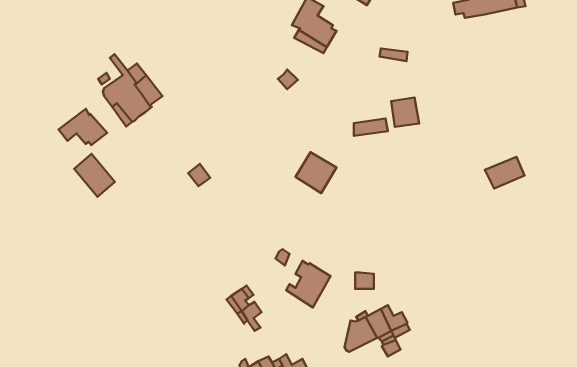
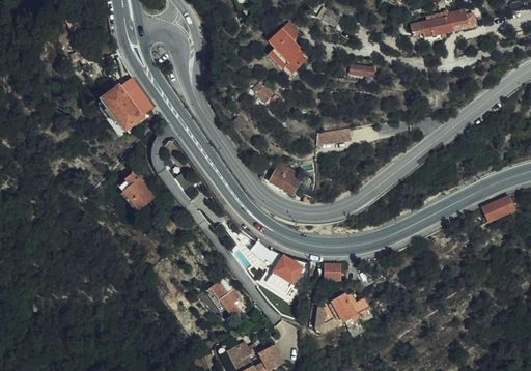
building: [391,97,419,127] -> none
building: [59,109,107,145] -> none
building: [74,154,115,197] -> [117,170,153,208]
building: [485,157,525,188] -> [480,199,515,227]

